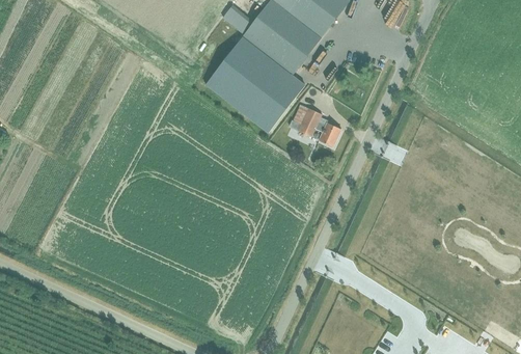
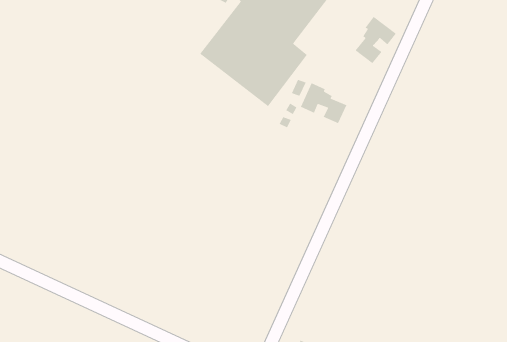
building: none -> [354,16,397,64]

